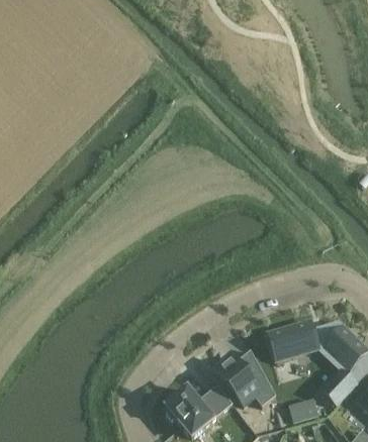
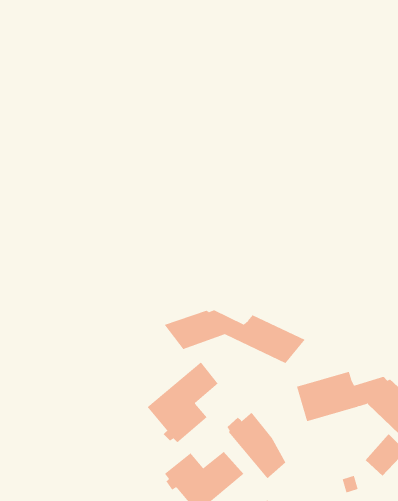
building: none -> [164,309,306,364]
building: none -> [147,361,218,443]

